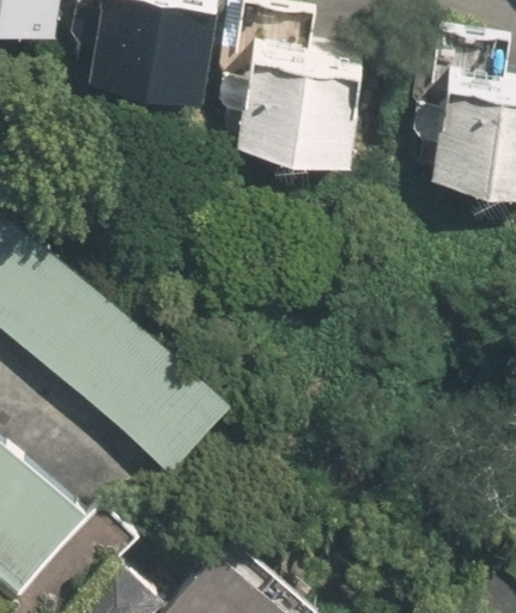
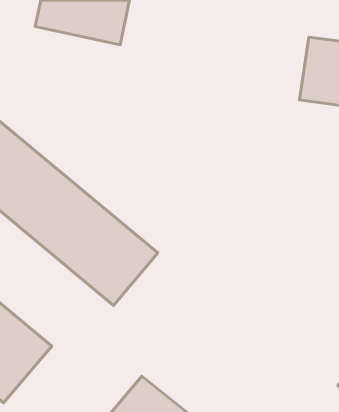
building: [236,41,363,146] -> none

